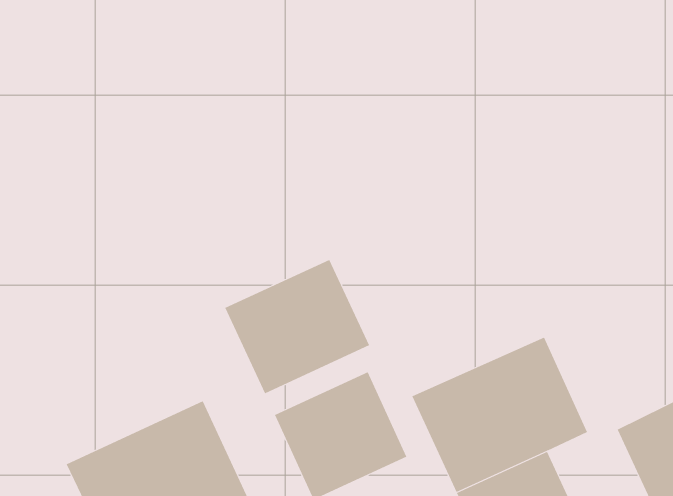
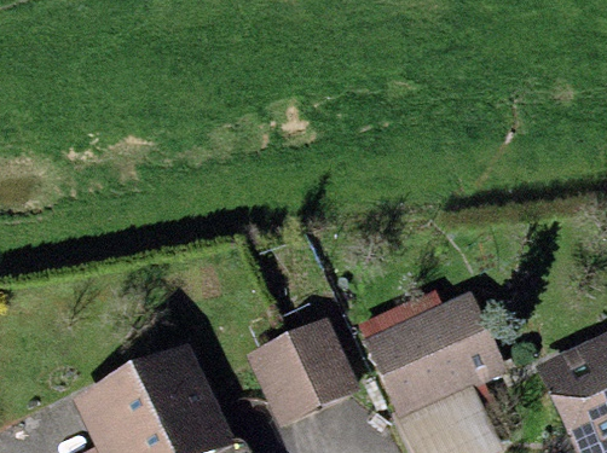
building: [225,259,370,394] -> none

